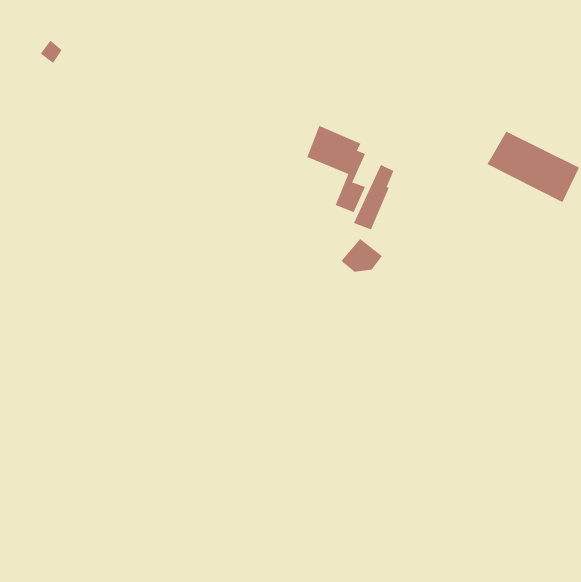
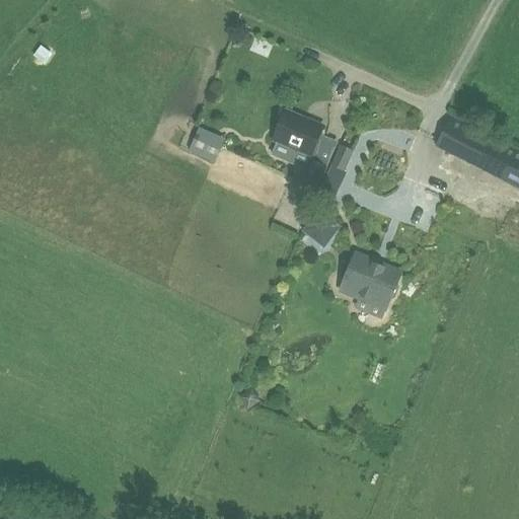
building: none -> [189,126,224,159]
building: none -> [338,255,396,308]

